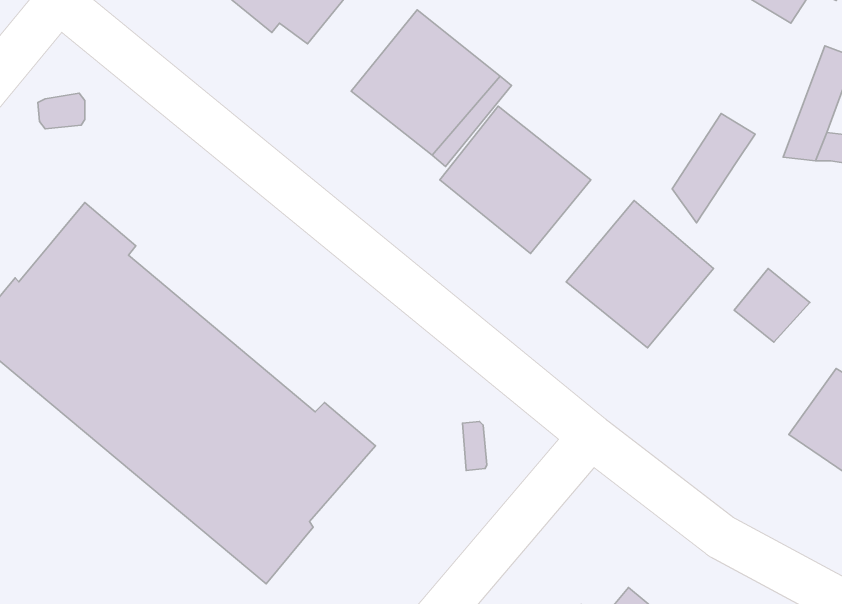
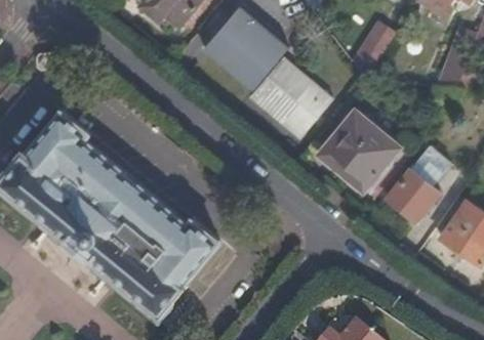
building: [672,113,755,223] -> [351,19,396,79]
building: none -> [389,170,440,221]

